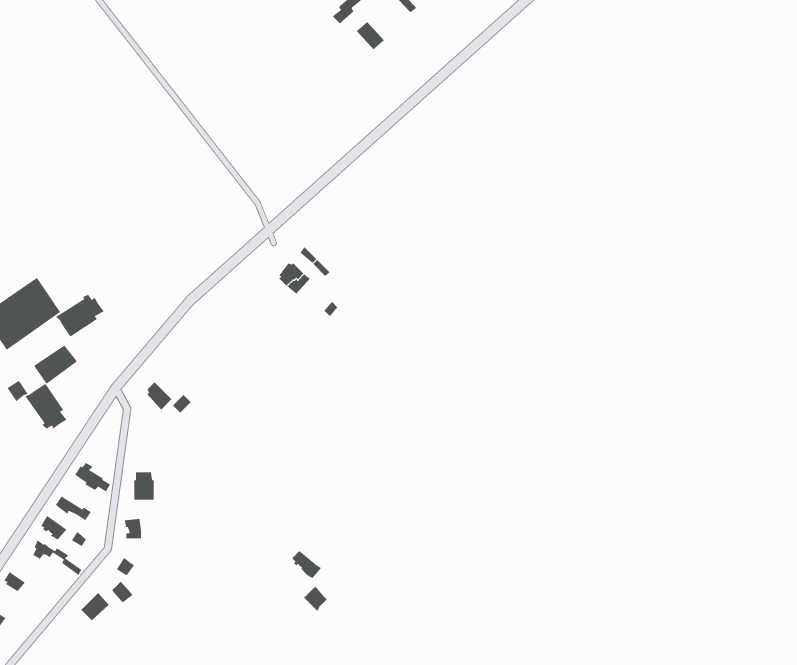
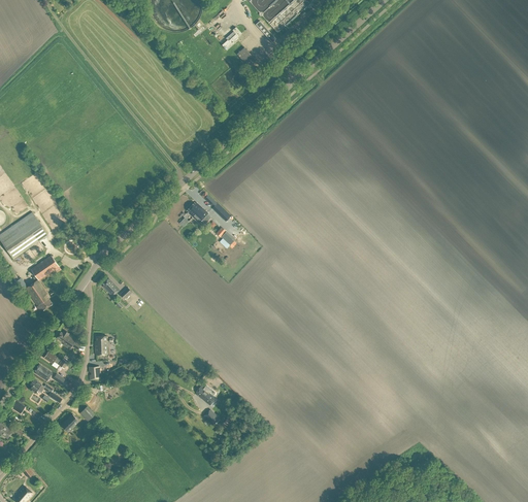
building: [55,294,105,337] -> none

